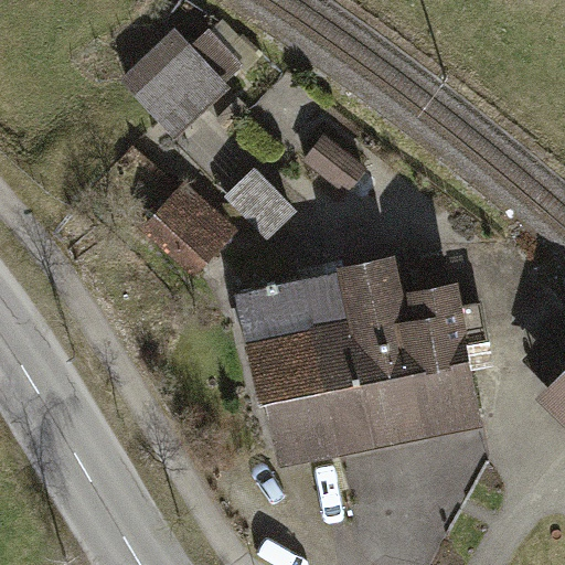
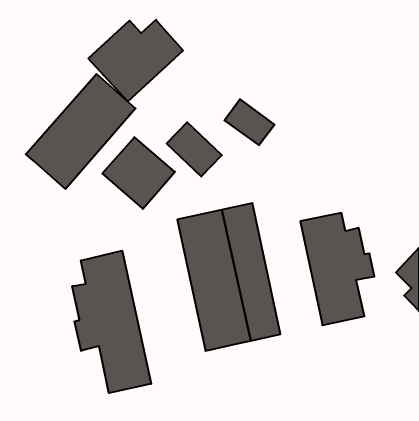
building: none -> [26,74,136,189]
building: [338,259,431,447] -> none
building: none -> [72,251,151,393]

